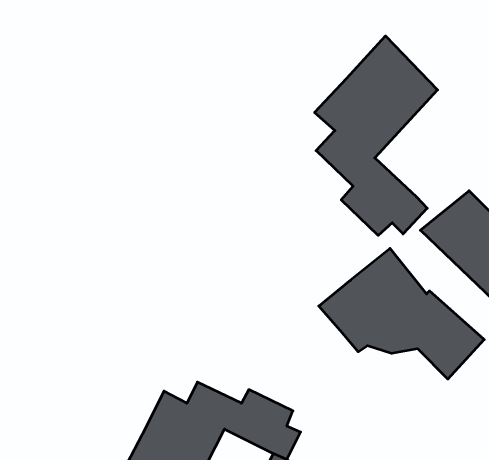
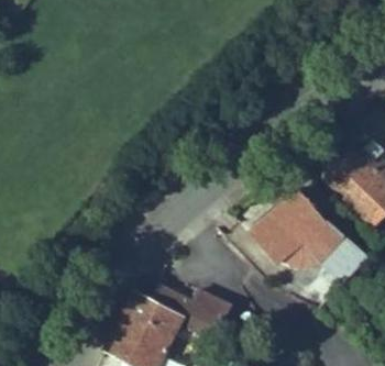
building: [315,36,438,235] -> none

